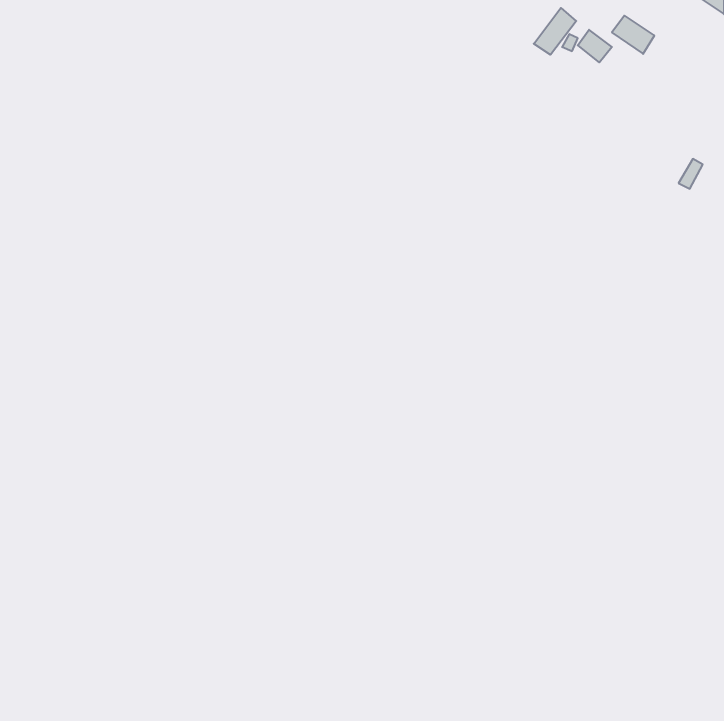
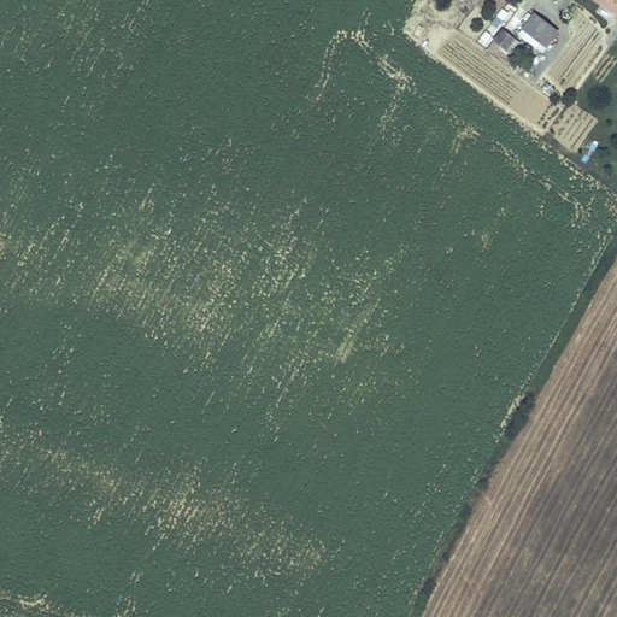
building: [534,8,576,55] -> none

